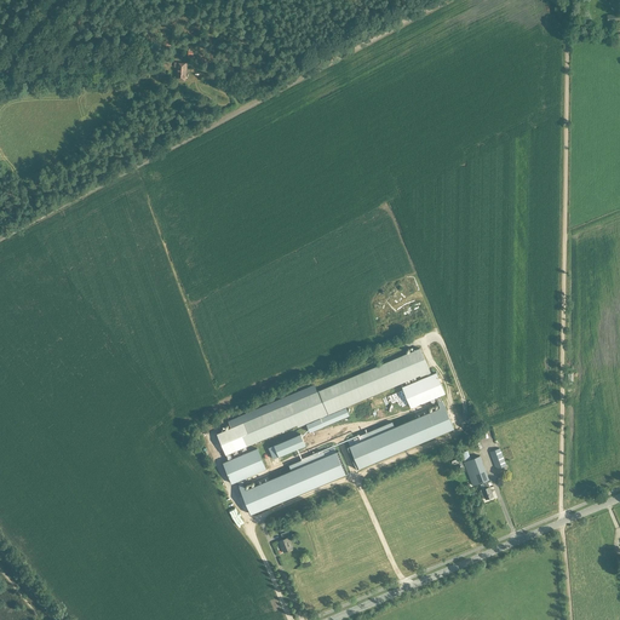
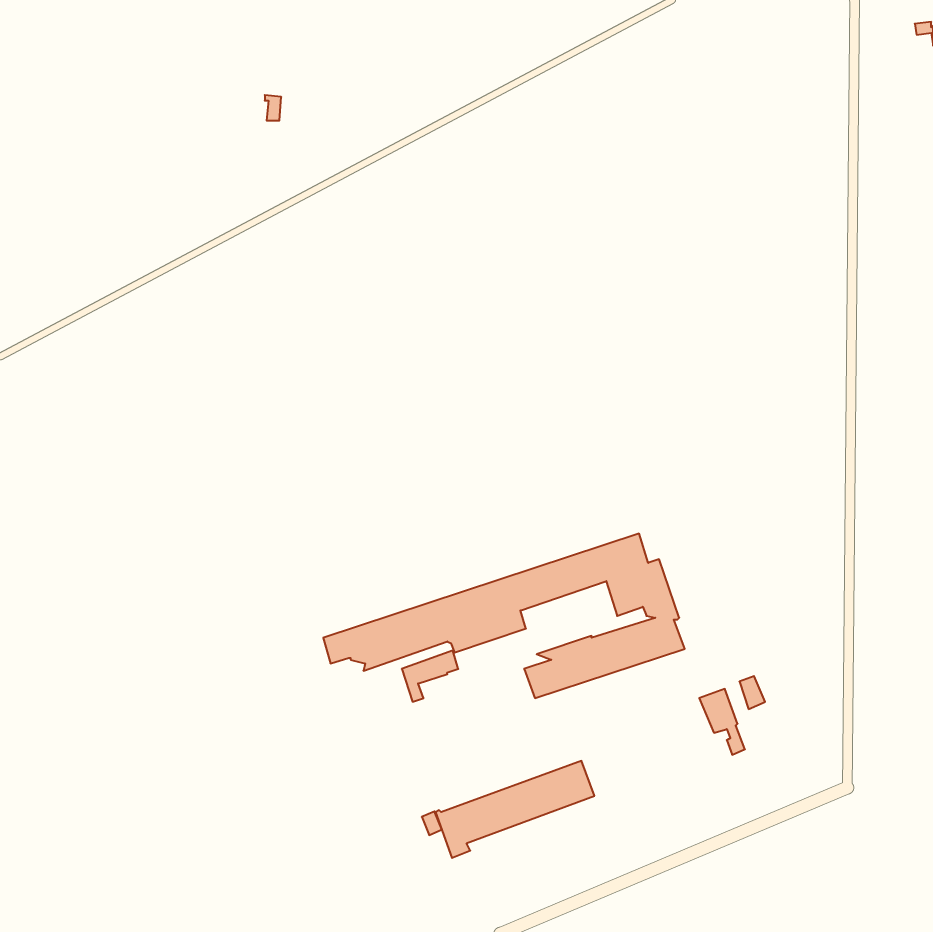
building: [222,448,265,482] -> none
building: [240,452,345,516] -> [436,761,594,858]

